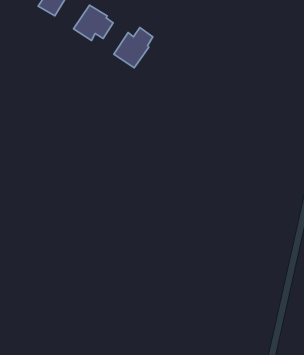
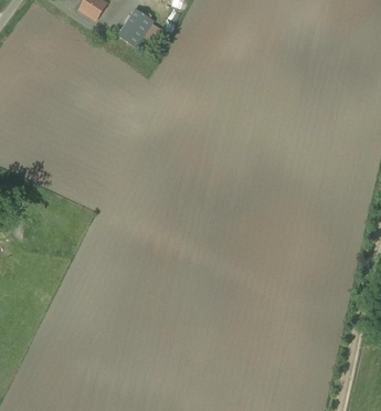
building: [114,28,153,68] -> none

